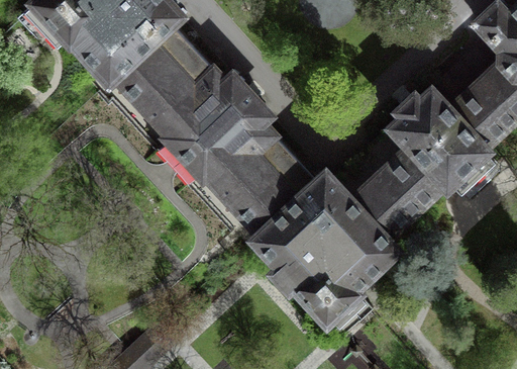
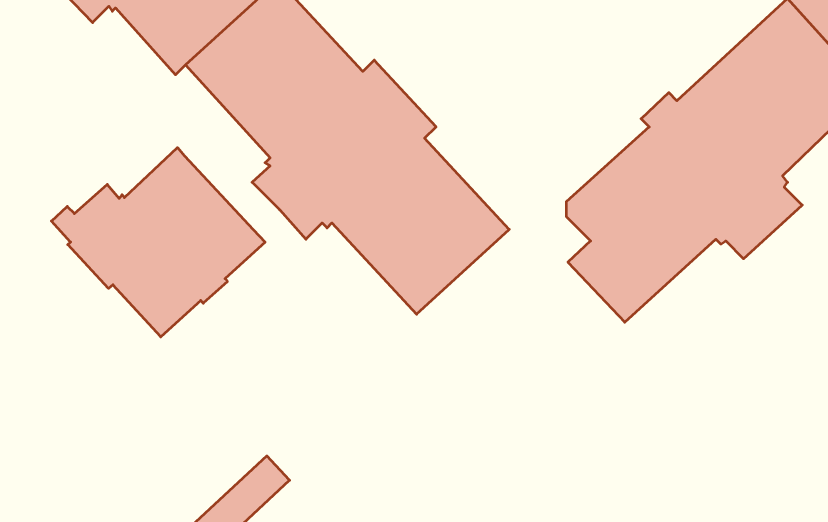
building: none -> [51,148,265,337]
building: [254,171,401,331] -> none

